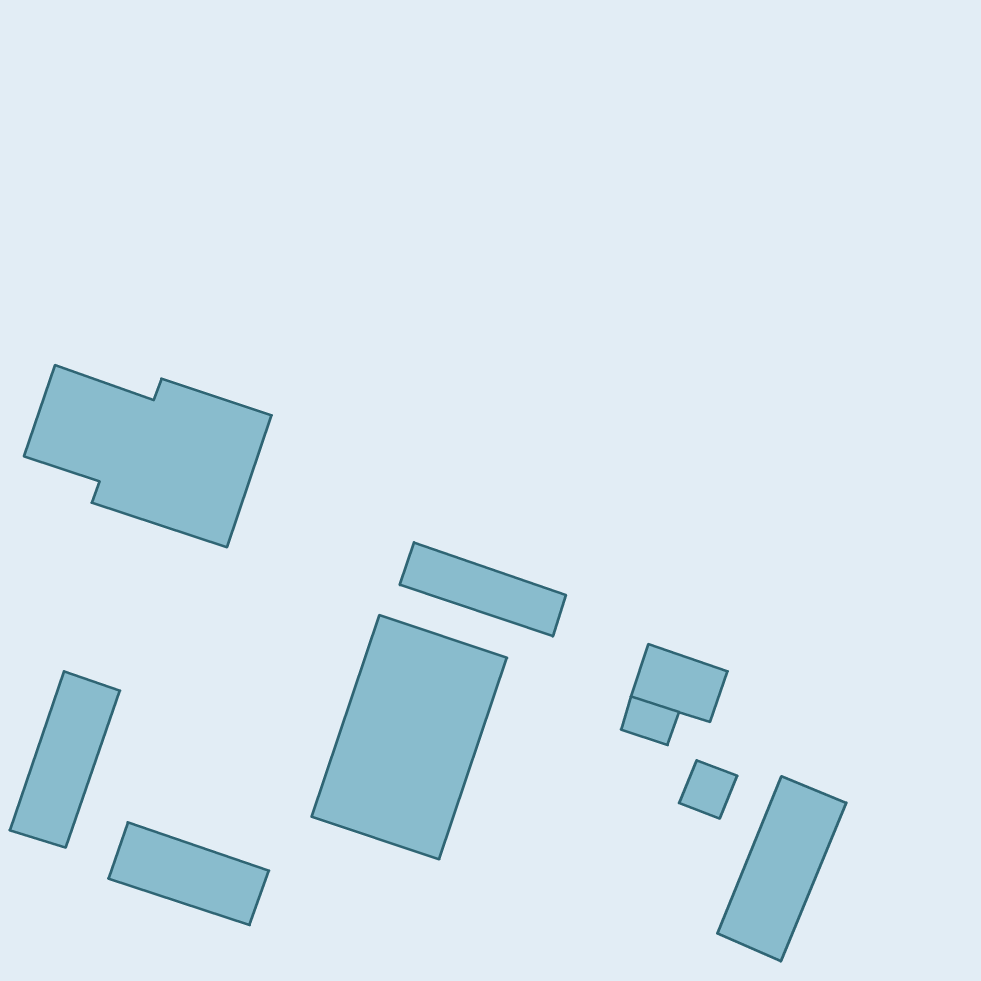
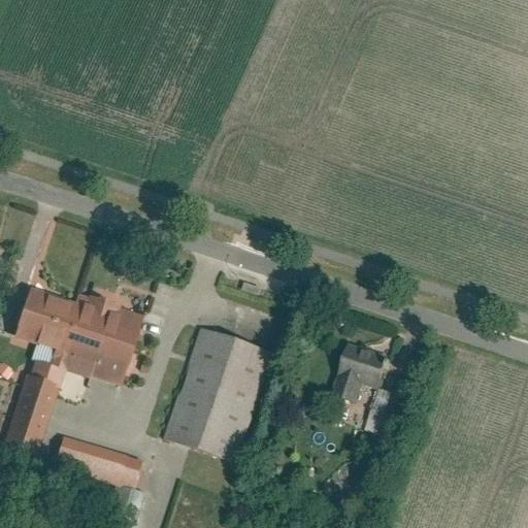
building: [24,365,272,547] -> [13,287,145,384]
building: [400,542,566,636] -> none
building: [717,776,846,961] -> none

